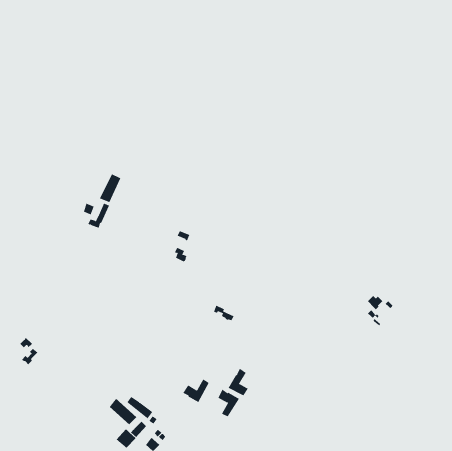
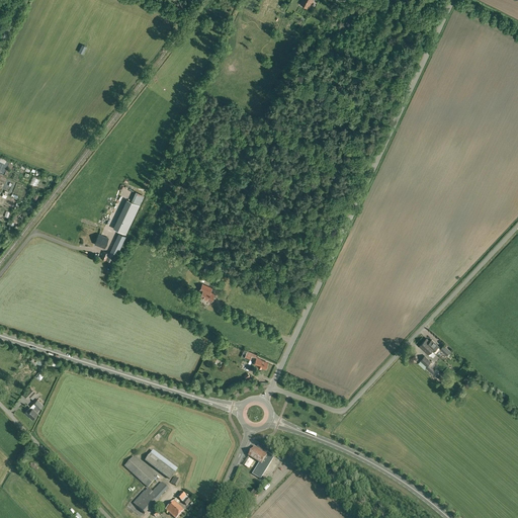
building: [228,368,249,396] -> none
building: [182,378,209,403] -> none

